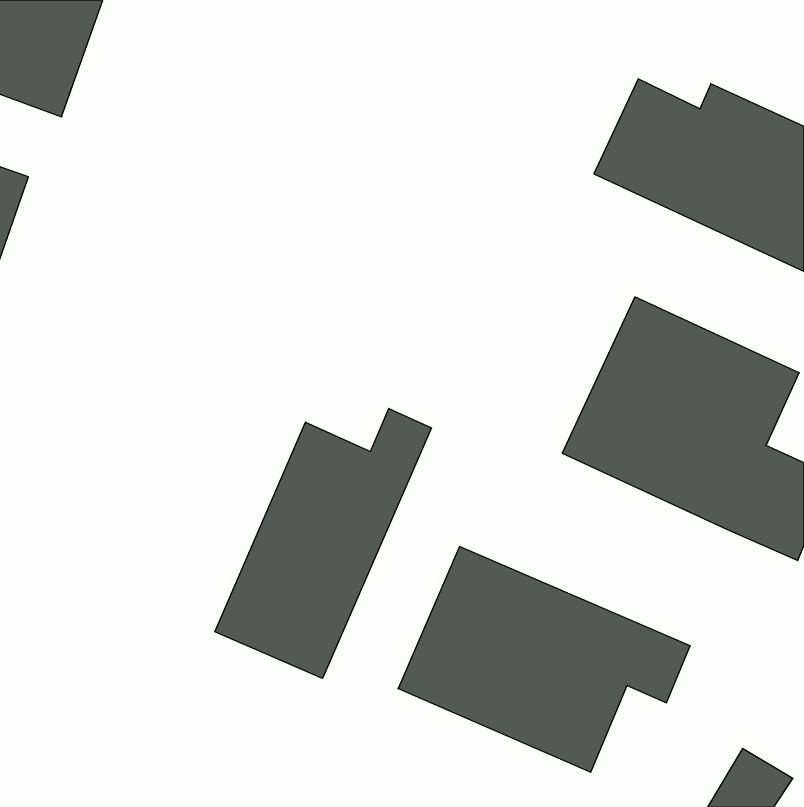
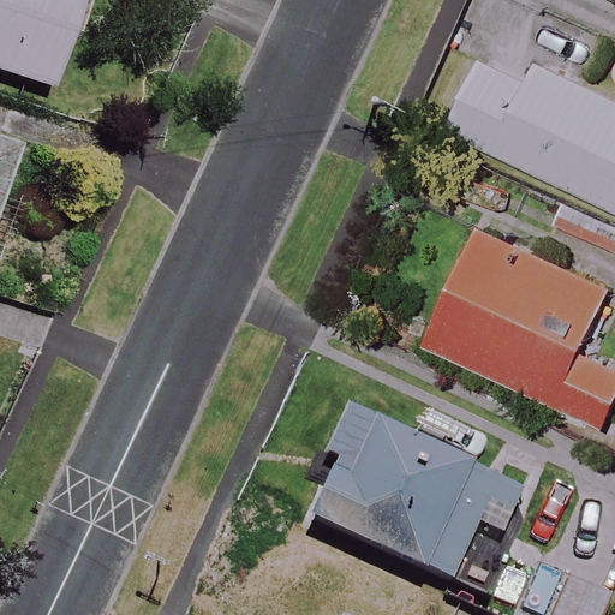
building: [215,408,431,678] -> none

